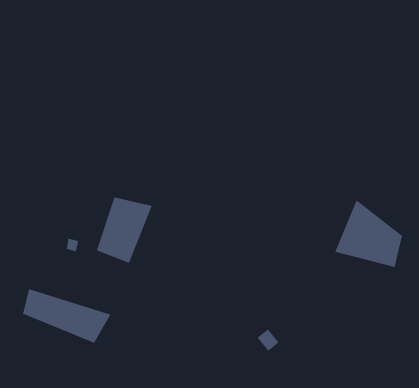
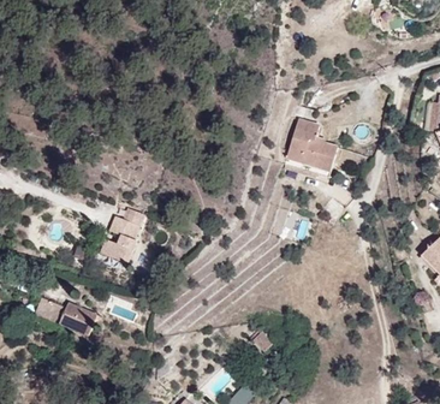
building: [334,199,403,268] -> [273,111,337,174]

